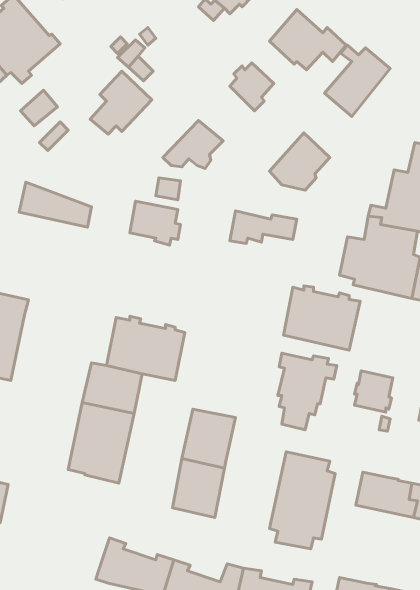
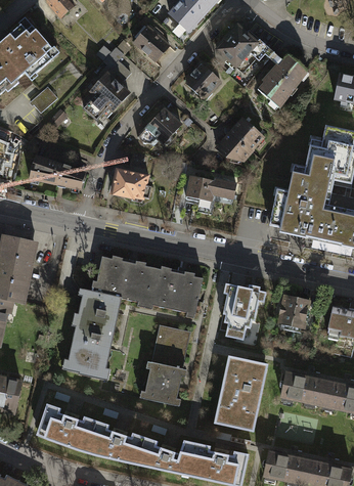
building: none -> [133,27,169,61]
building: [283,286,360,350] -> [145,266,203,314]
building: none -> [38,404,96,451]

